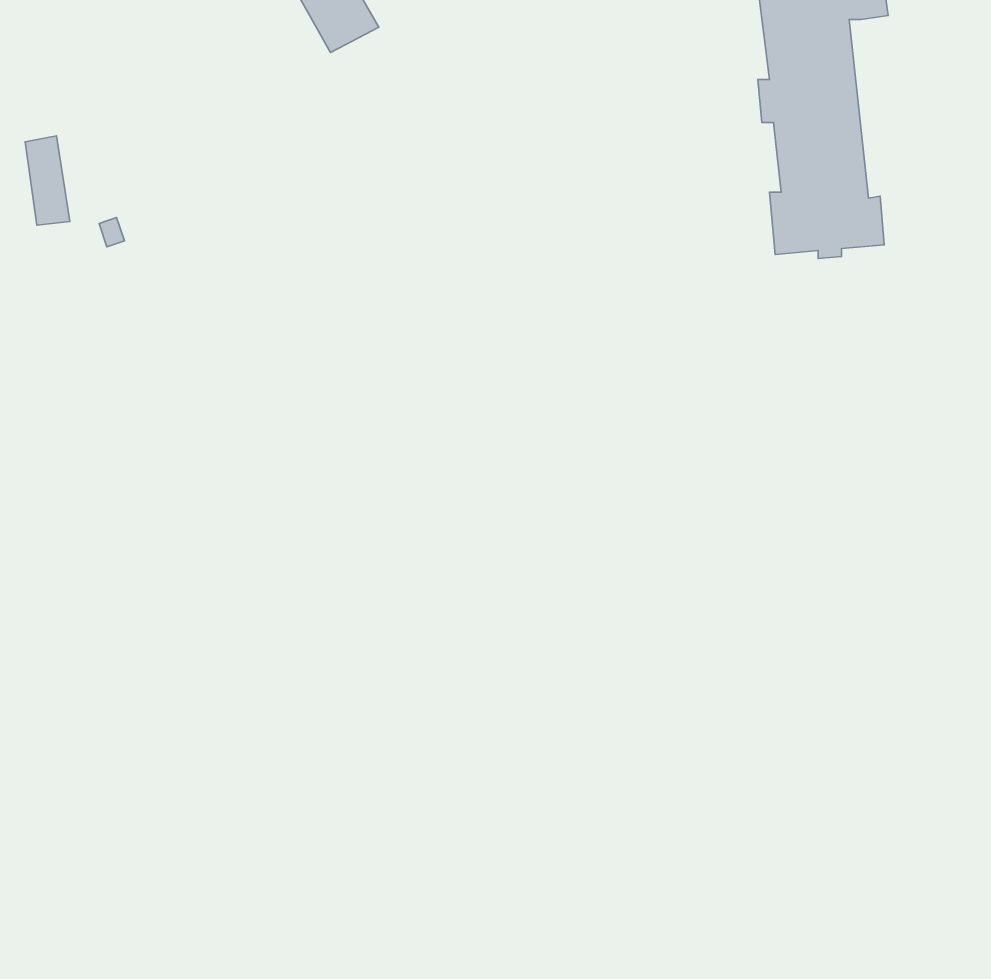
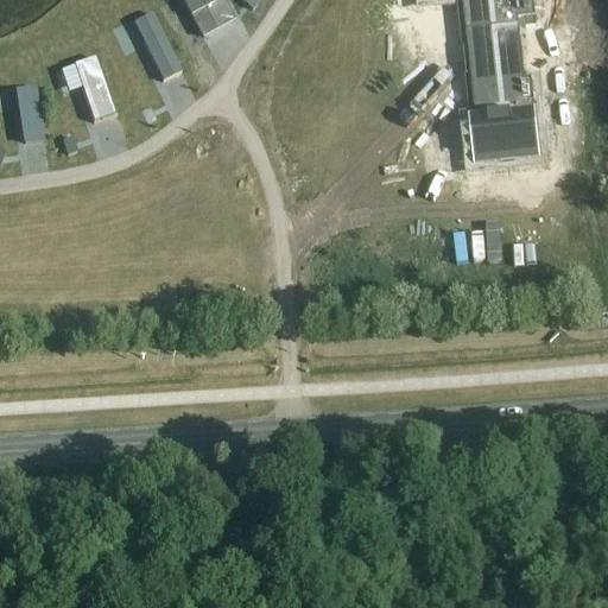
building: none -> [134,15,179,77]
building: none -> [75,57,113,118]

